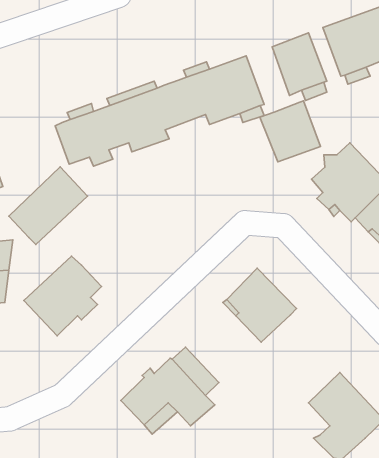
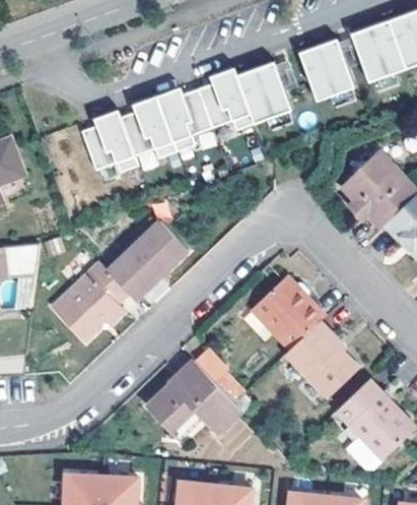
building: [260,101,320,162] -> none
building: [9,167,87,245] -> [108,220,187,299]
building: none -> [285,320,355,394]

